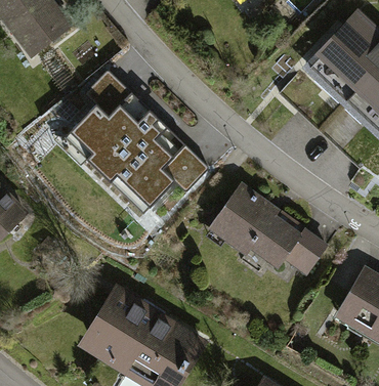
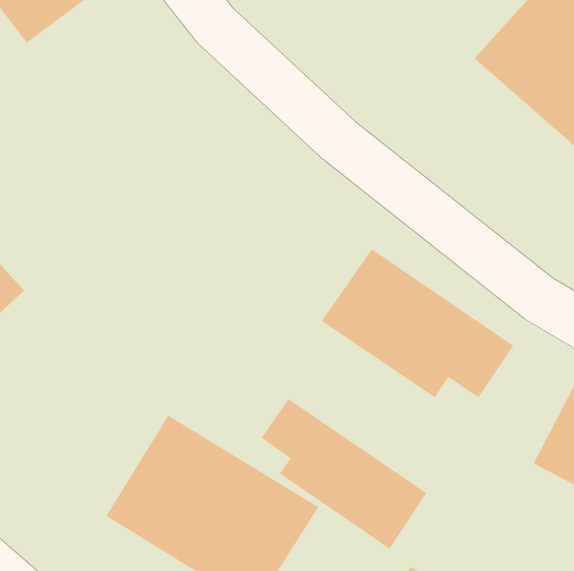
building: [72,76,210,215] -> none
building: none -> [261,398,427,550]

